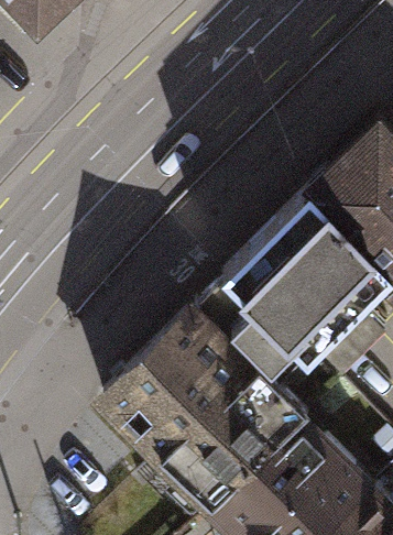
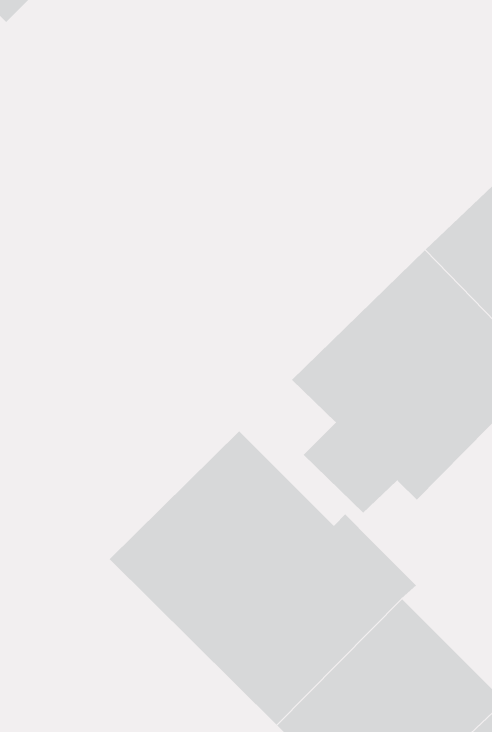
building: [190,281,310,390] -> none

